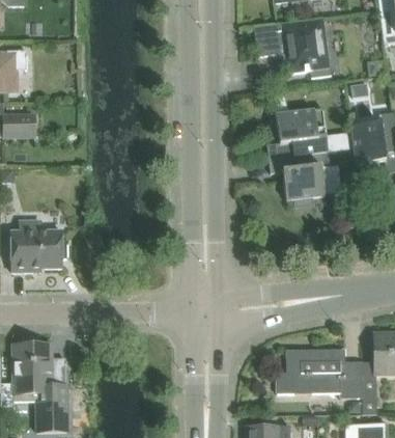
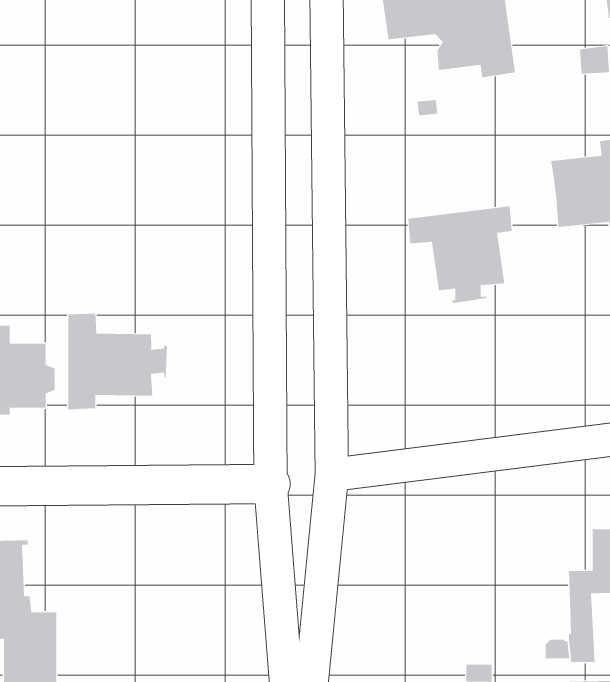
building: [267,108,329,158] -> none
building: none -> [68,313,168,410]
building: [278,349,363,396] -> none

